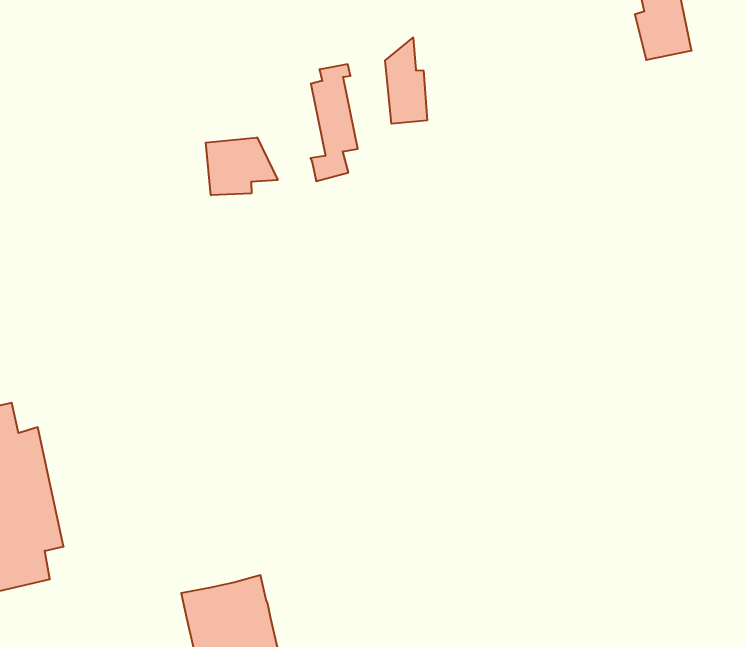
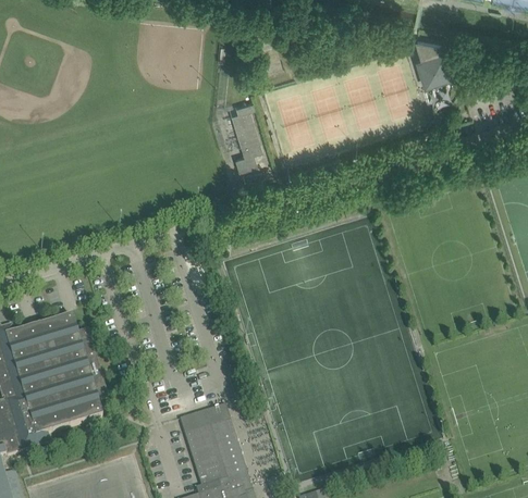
building: [385,37,427,124] -> none
building: [206,137,278,195] -> none

